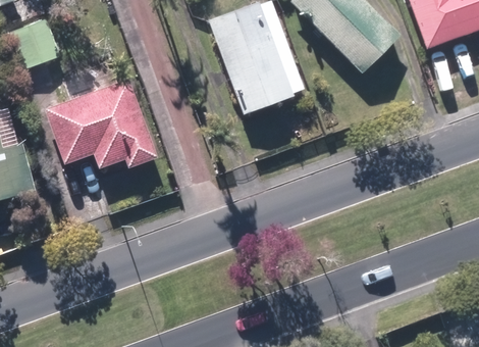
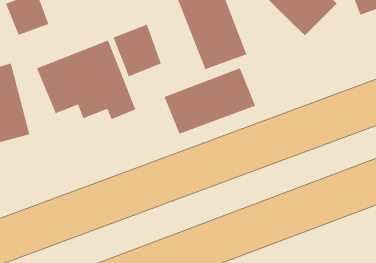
building: none -> [113,24,162,77]
building: none -> [164,67,256,135]

